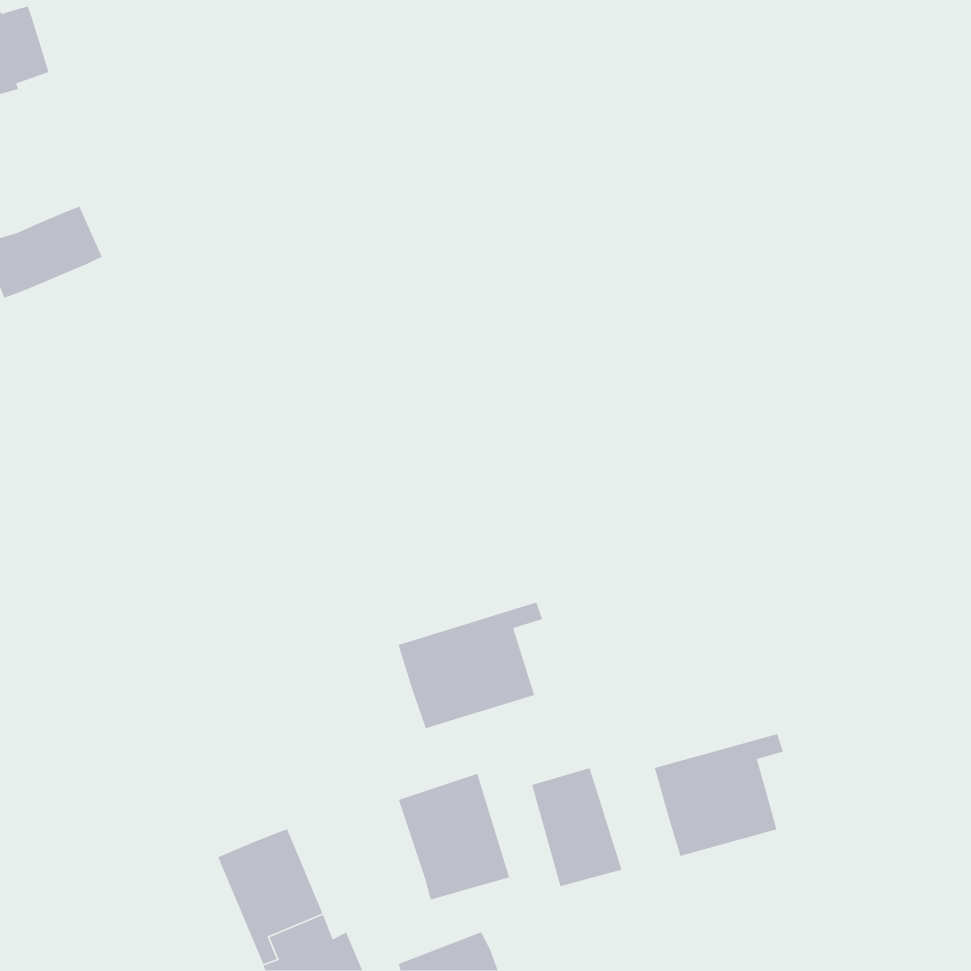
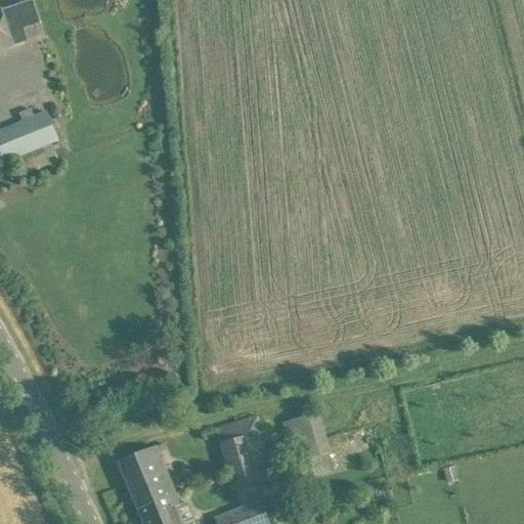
building: [398,601,543,729] -> none
building: [654,733,784,857] -> none

